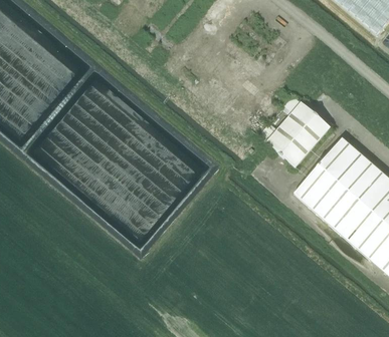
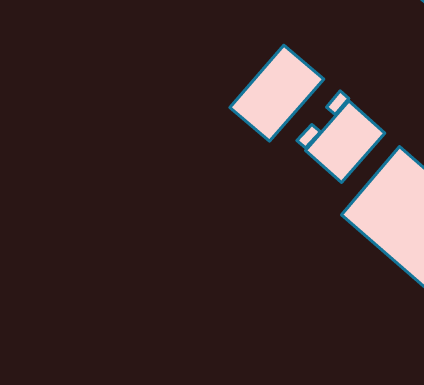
building: none -> [230,45,324,141]

